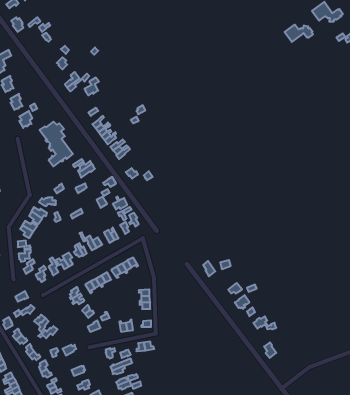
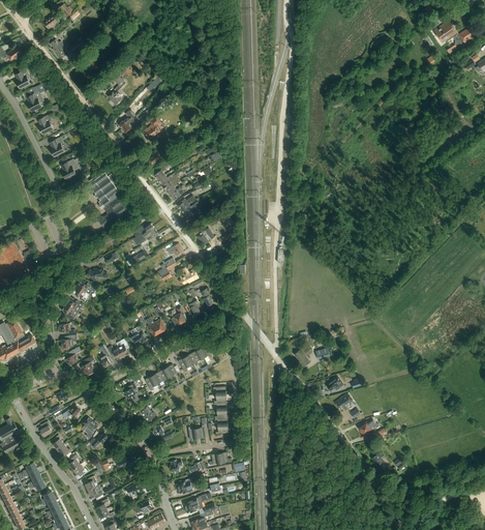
building: [285,25,313,42] -> none

